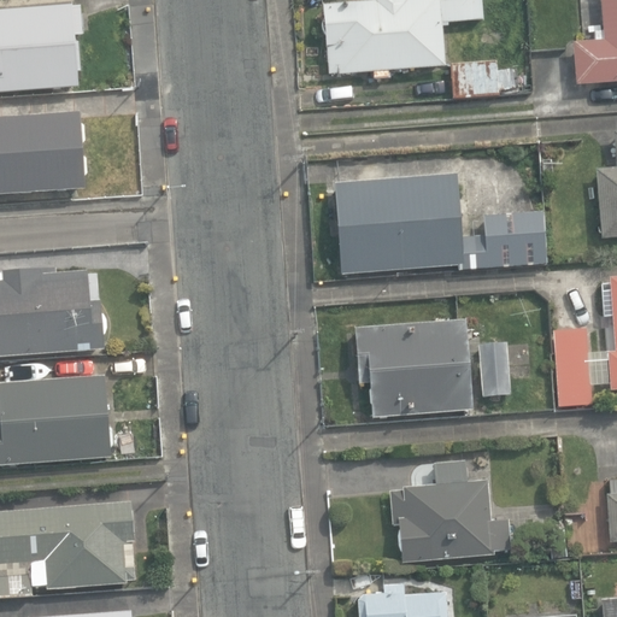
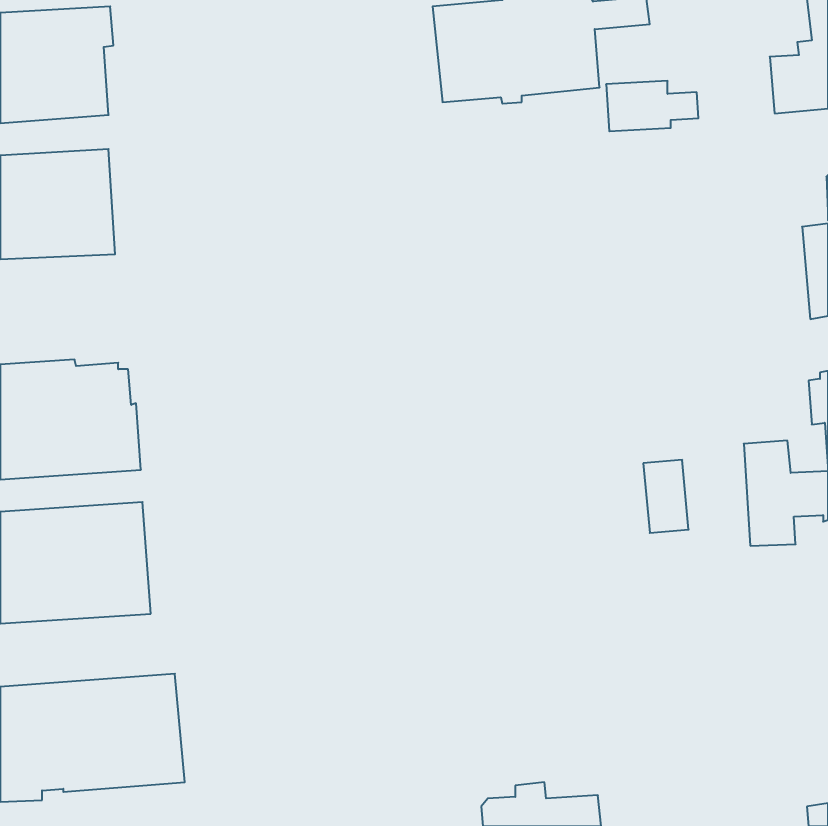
building: [335,154,546,275] -> none
building: [354,319,472,417] -> none
building: [389,462,510,562] -> none

